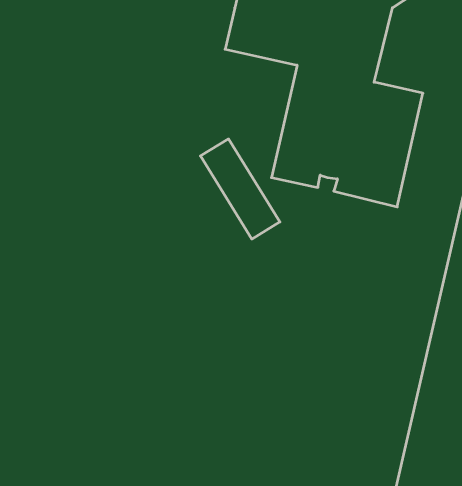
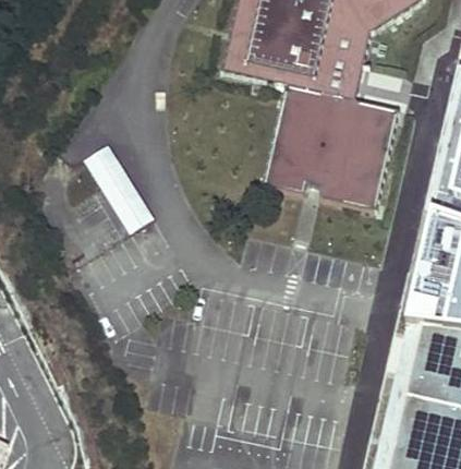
building: [200,139,280,239] -> [83,143,154,232]

